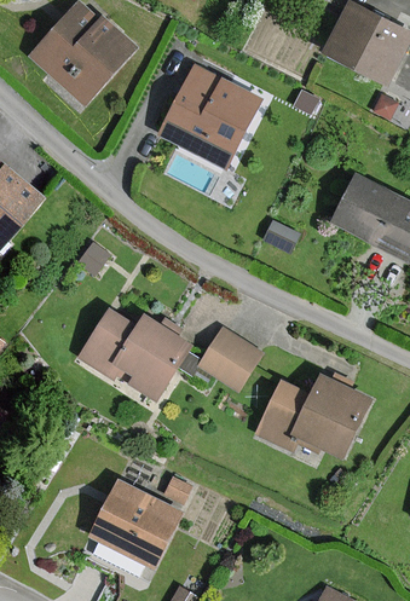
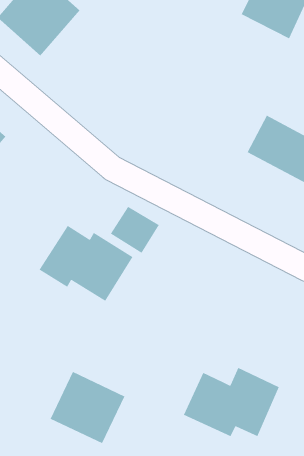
building: [158,65,254,162] -> none
building: [201,331,261,389] -> [110,206,160,254]
building: [256,374,374,458] -> [183,367,280,437]

